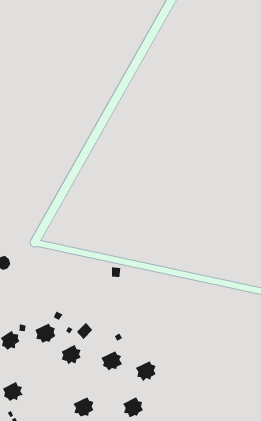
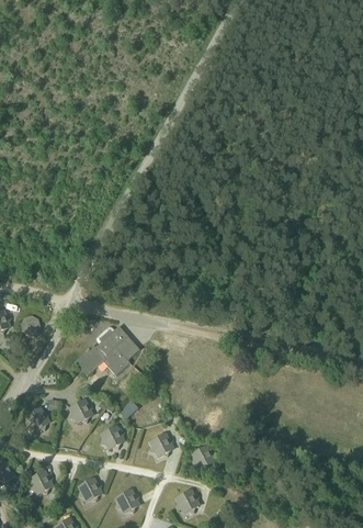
building: none -> [75,325,139,374]
building: none -> [77,475,103,502]

